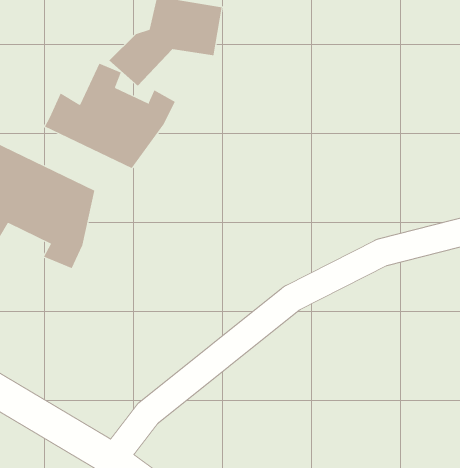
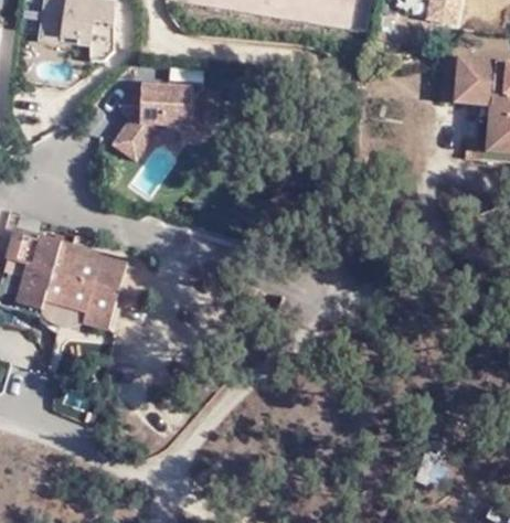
building: [44,63,175,169] -> none

